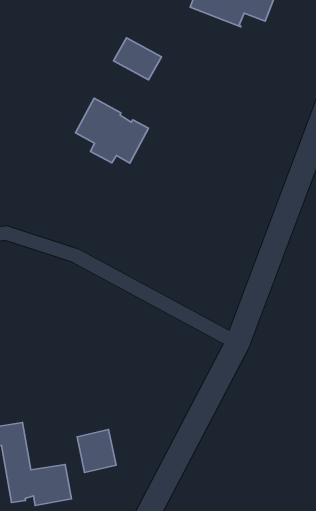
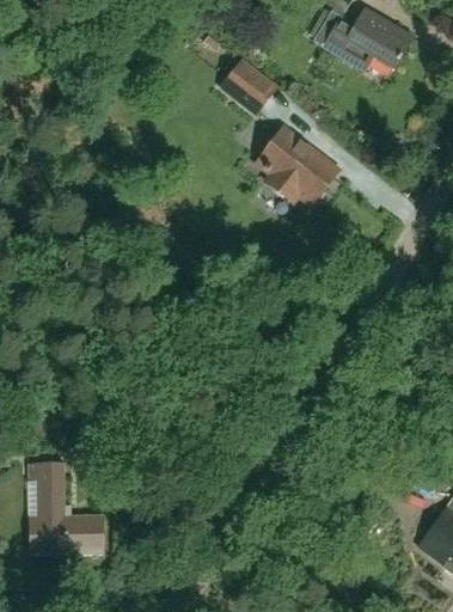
building: [75,98,149,163] -> [257,127,337,203]
building: [77,430,116,472] -> none

